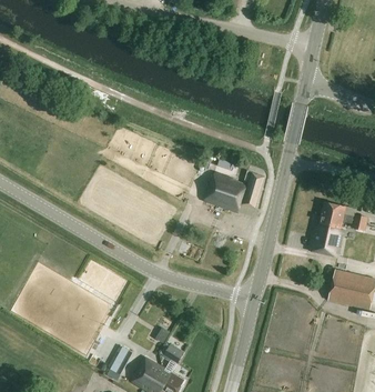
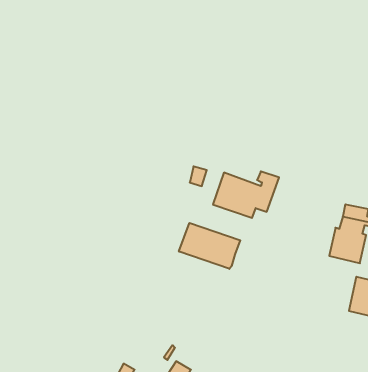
building: none -> [179,223,240,269]

